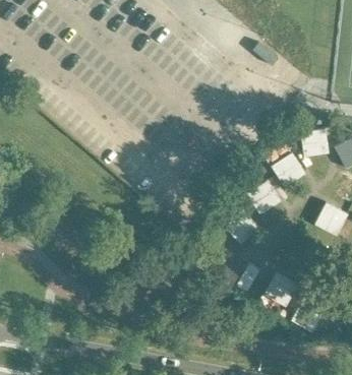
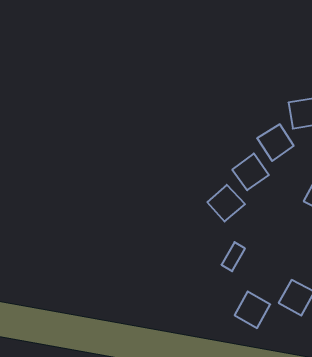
building: [265,272,298,307] -> [235,291,270,328]

